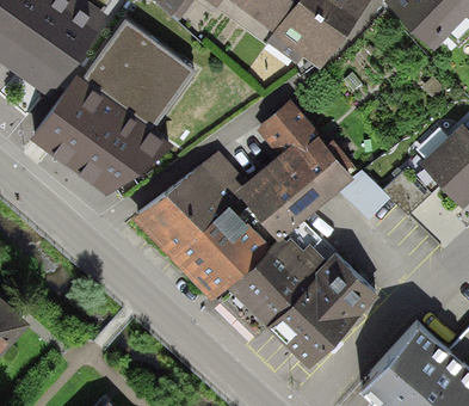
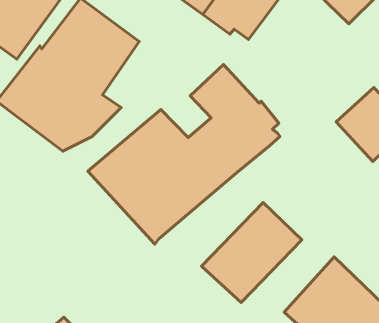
building: [343,170,389,217] -> none
building: [216,222,338,337] -> none

